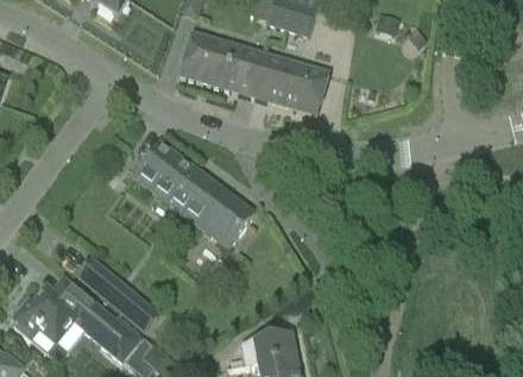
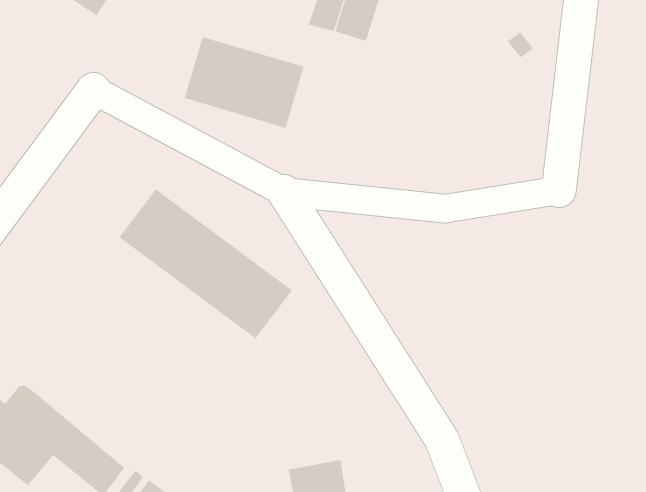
building: [251,52,329,115] -> none
building: [77,258,158,329] -> none

